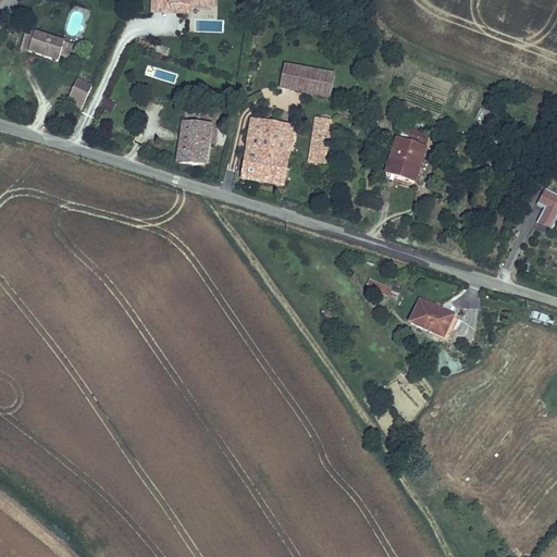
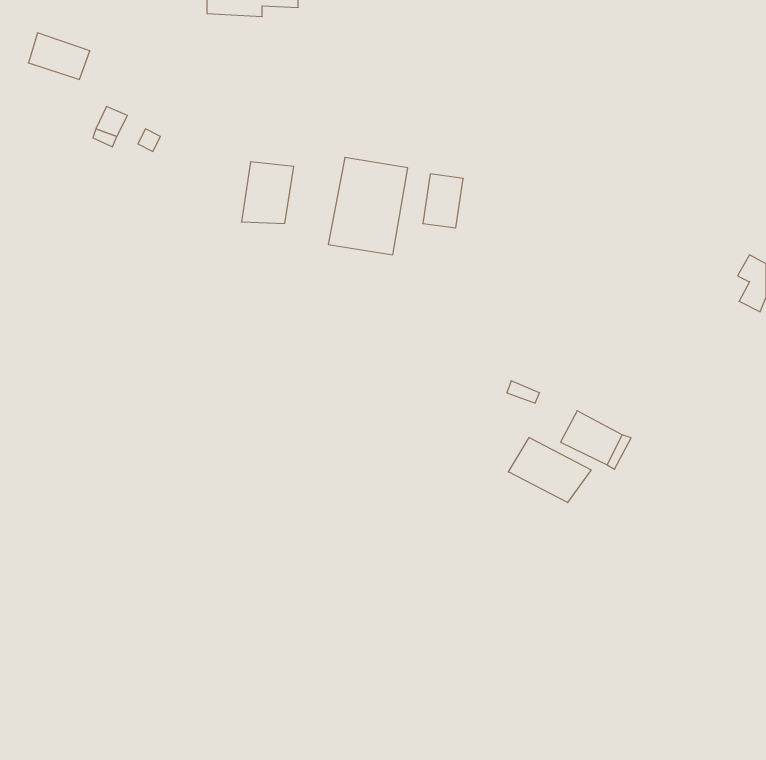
building: [274,62,334,97] -> none
building: [385,134,428,182] -> none
building: none -> [508,437,591,503]

